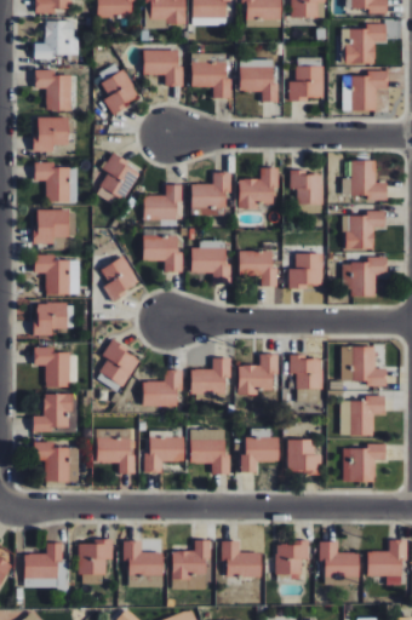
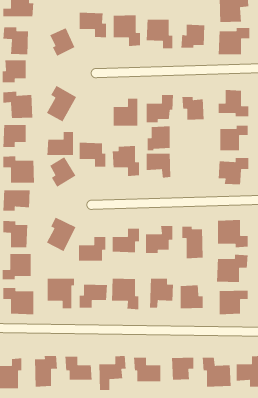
building: [143,184,182,219] -> [47,131,74,156]
building: [288,252,322,288] -> [147,126,170,151]

